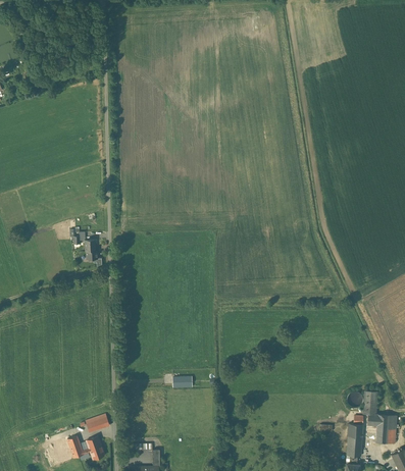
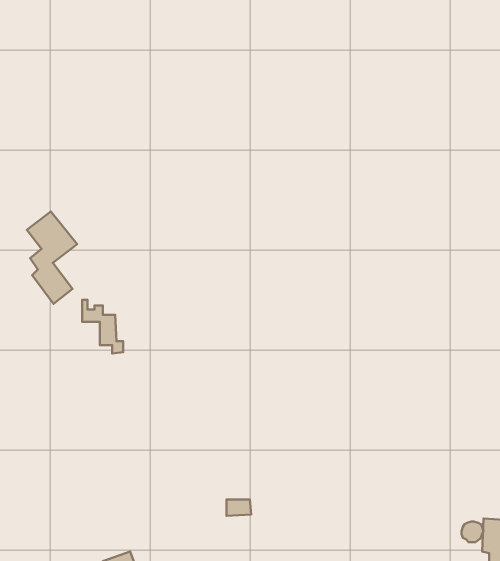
building: none -> [27,211,77,304]

